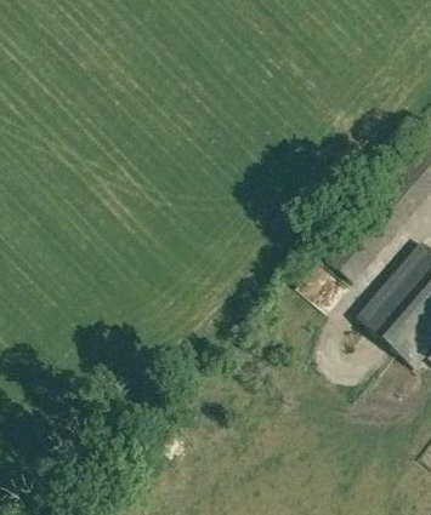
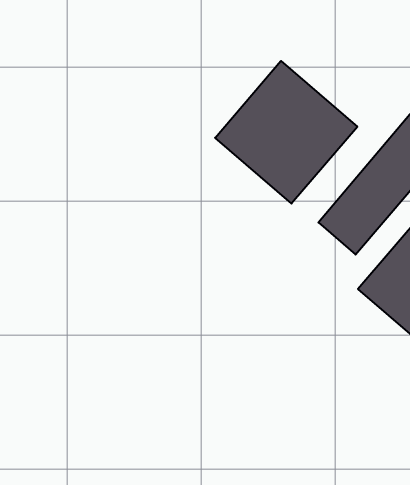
building: none -> [215,61,357,204]

